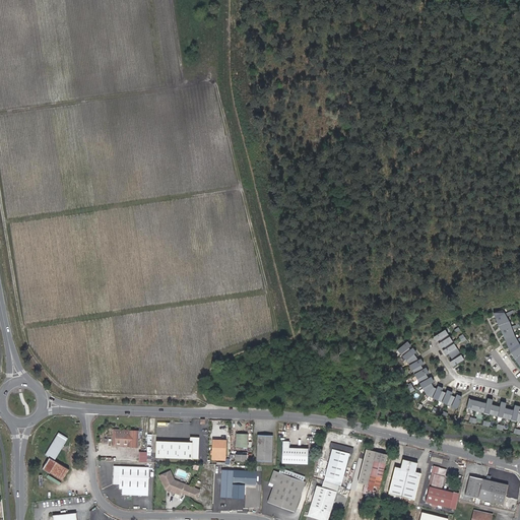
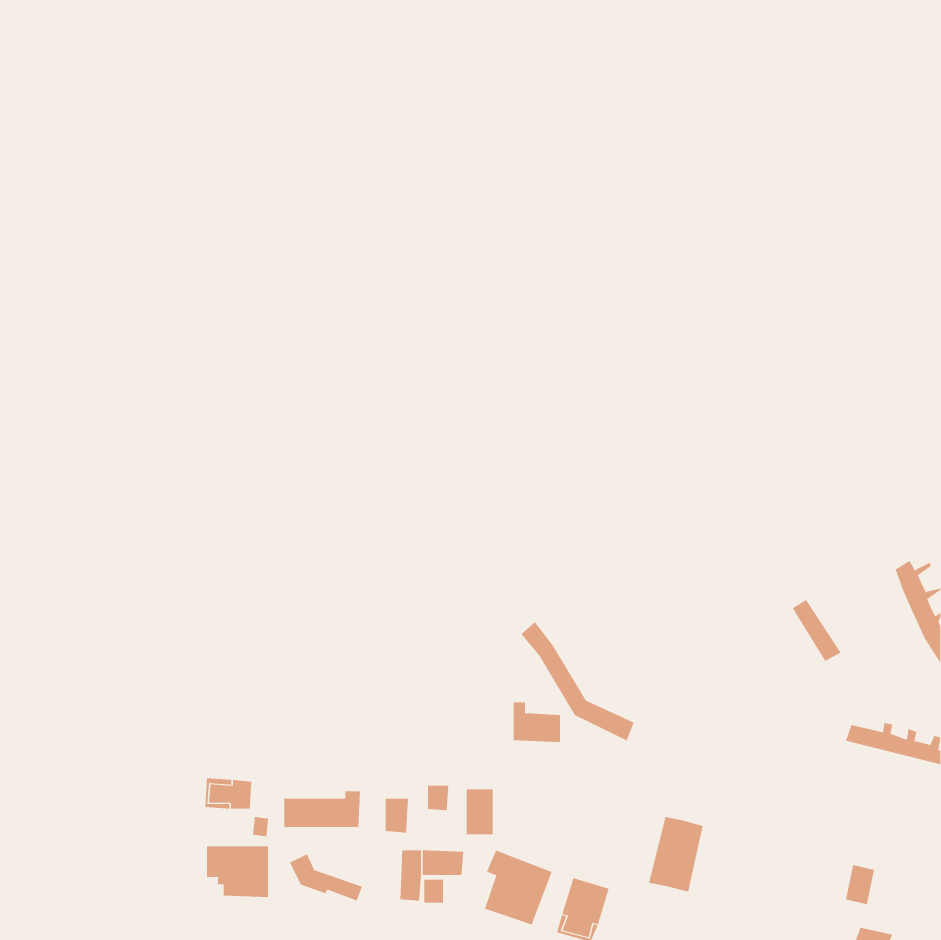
building: [397,344,460,410] -> [520,621,635,741]
building: [43,435,69,482] -> none
building: [282,442,309,464] -> [513,702,561,742]
building: [325,448,349,480] -> none
building: [389,459,420,501] -> none
building: [427,467,453,508] -> none
building: [478,480,508,506] -> none

